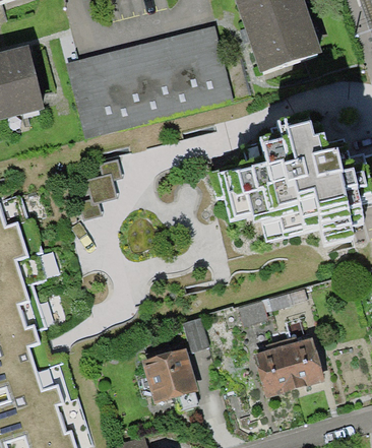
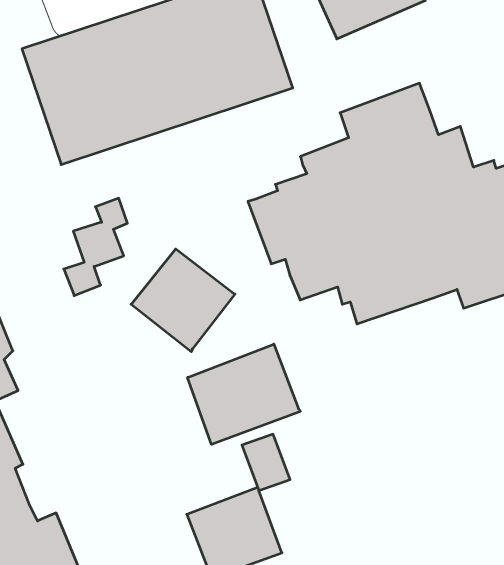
building: none -> [131,249,235,352]
building: none -> [188,344,300,444]
building: [261,344,324,396] -> none

